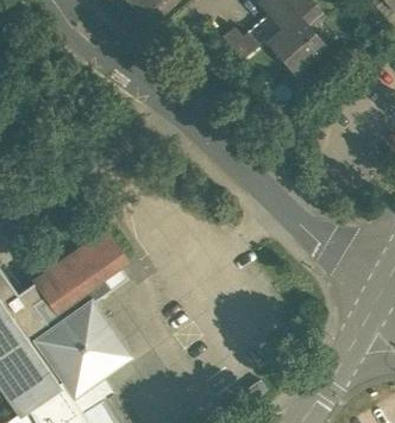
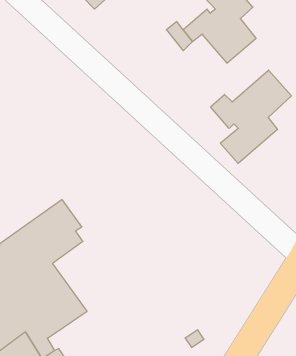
building: none -> [211,70,291,164]

